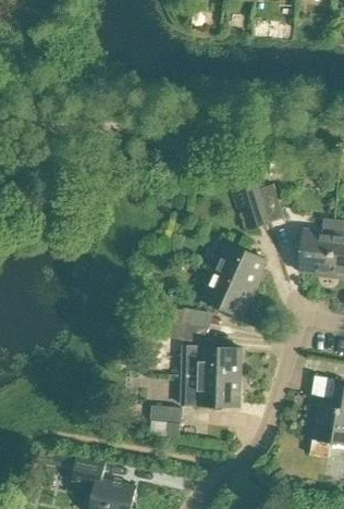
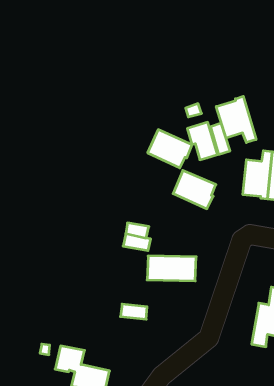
building: none -> [216,96,256,143]
building: [201,270,256,316] -> [148,130,192,168]
building: [182,375,242,407] -> none

